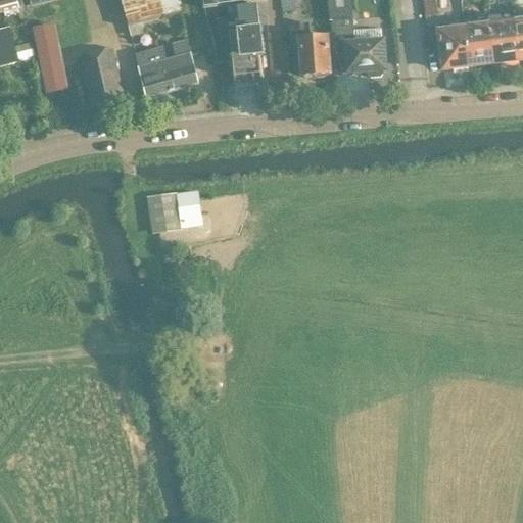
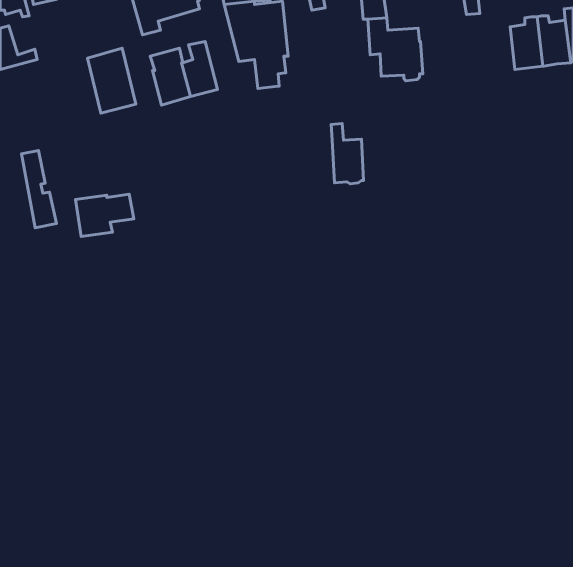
building: [299,19,329,75] -> [331,123,364,184]
building: [34,20,65,91] -> [22,151,56,228]
building: [437,20,469,66] -> none
building: [147,189,200,228] -> [75,194,134,237]

